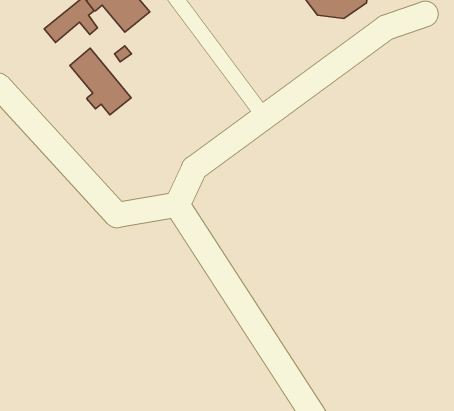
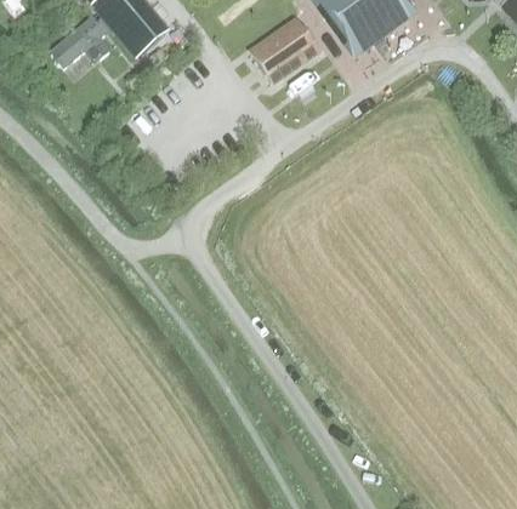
building: none -> [251,25,317,81]
building: [70,48,131,115] -> none

